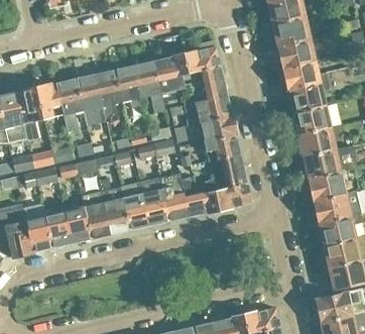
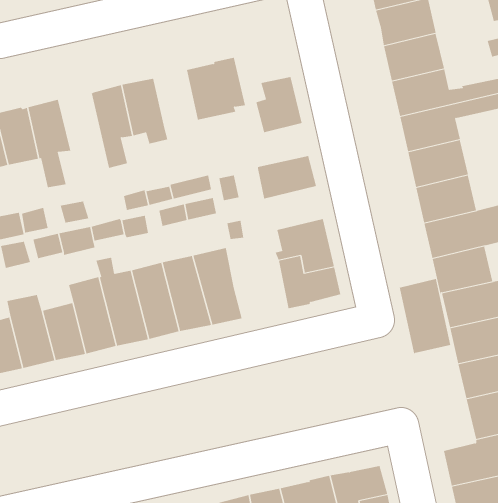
building: [185,40,220,83] -> none
building: [134,61,165,112] -> none
building: [75,75,105,122] -> none
building: [169,94,231,121] -> none
building: [203,133,240,161] -> none
building: [185,180,218,216] -> none
building: none -> [399,278,451,354]

